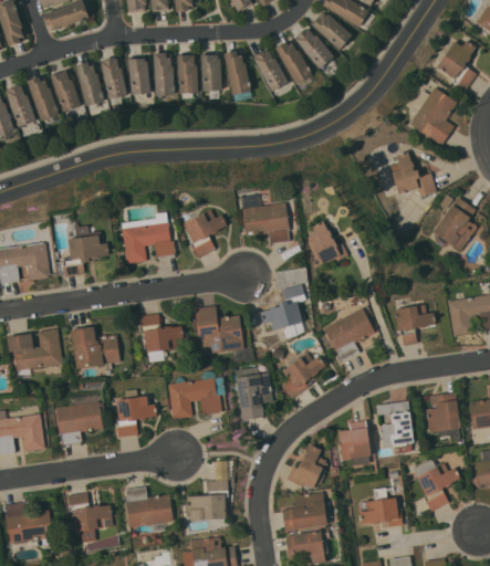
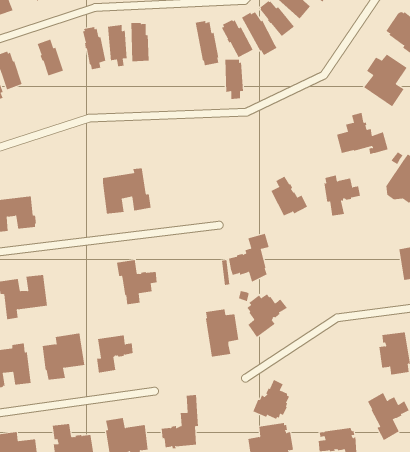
building: [176,55,197,98] -> none
building: [200,55,221,99] -> [225,59,244,100]
building: [74,62,103,106] -> none
building: [27,77,59,125] -> none
building: [240,195,290,244] -> none
building: [183,210,227,259] -> none
building: [62,226,108,277] -> none
building: [394,301,435,346] -> [324,175,361,216]
building: [194,306,243,355] -> none
building: [322,307,374,361] -> none
building: [71,327,119,369] -> none
building: [167,371,225,419] -> none
building: [375,400,414,453] -> none
building: [337,420,371,471] -> none

